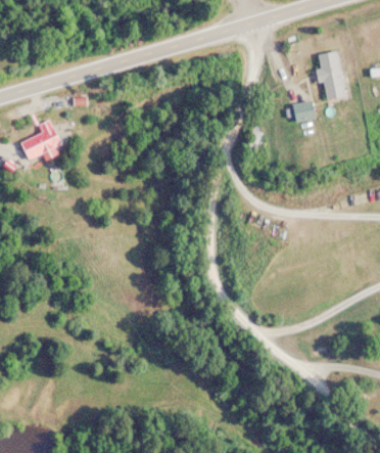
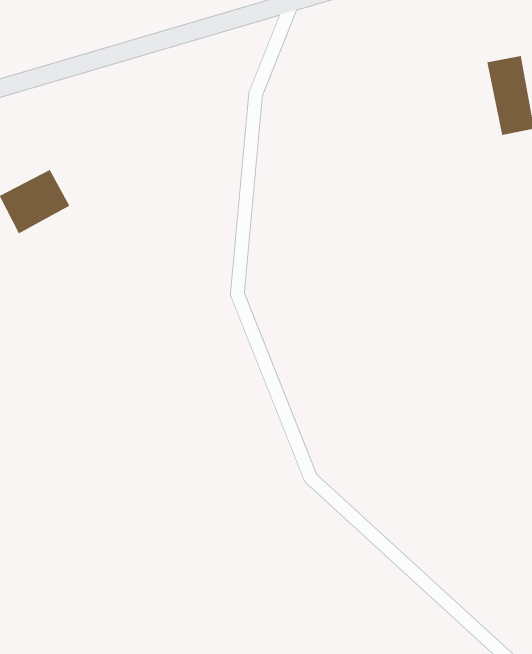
building: [293,100,317,124] -> none

